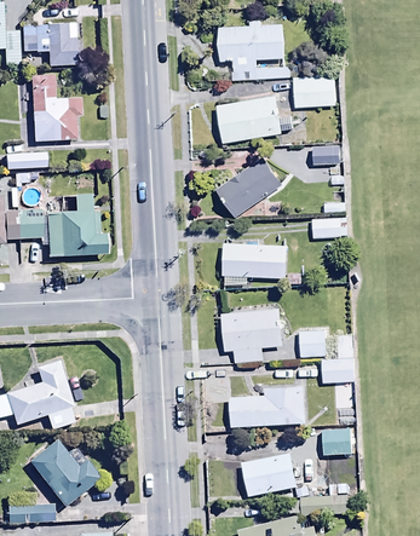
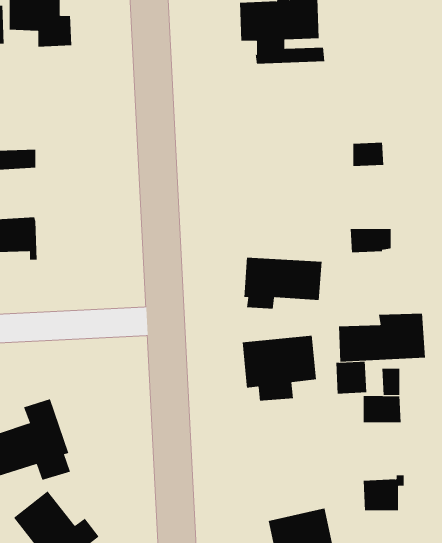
building: [30,73,82,140] -> none
building: [293,75,336,108] -> none
building: [215,94,293,144] -> none
building: [217,157,282,218] -> none
building: [47,194,109,255] -> none
building: [231,386,305,427] -> [338,313,426,362]

